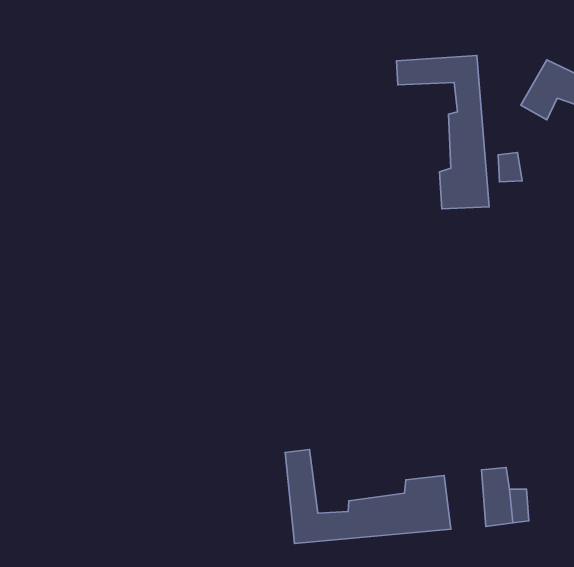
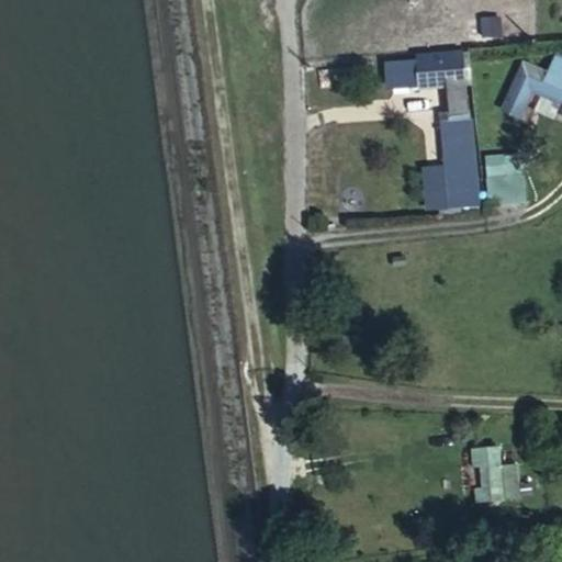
building: [285,449,451,543] -> none

